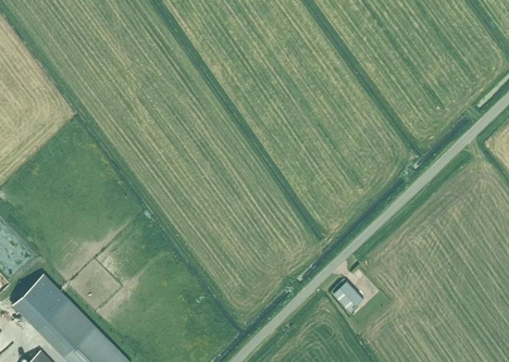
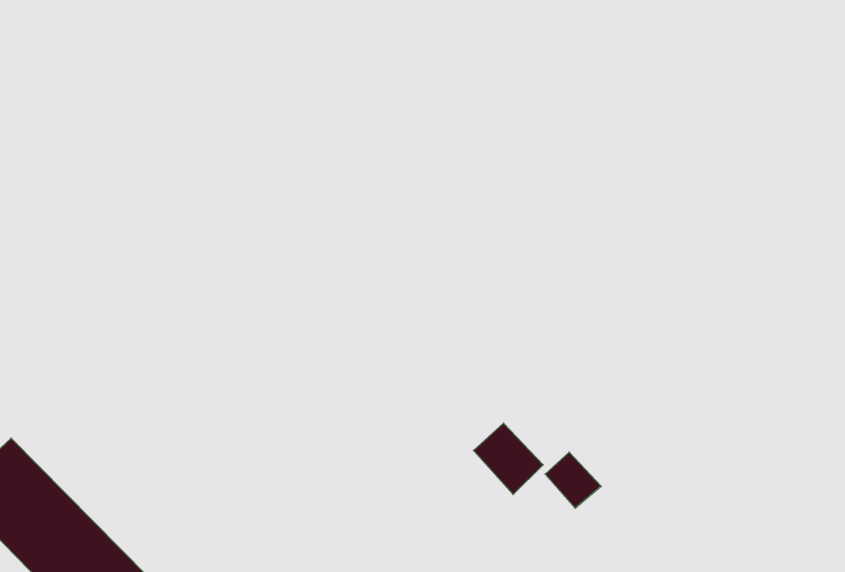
building: none -> [474,423,543,495]

